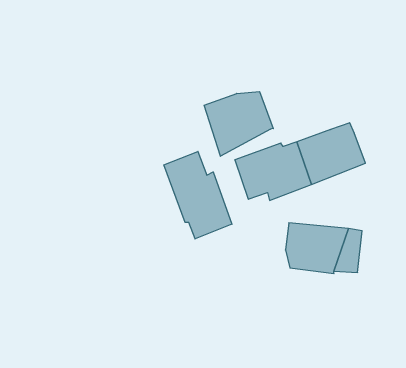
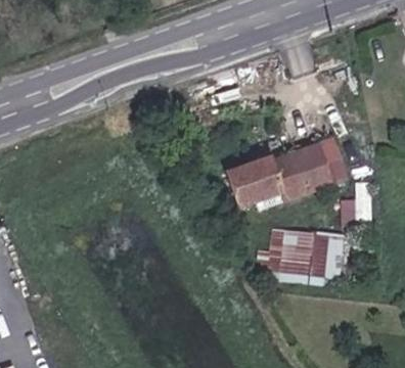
building: [204,92,273,156] -> none
building: [164,151,232,239] -> none

